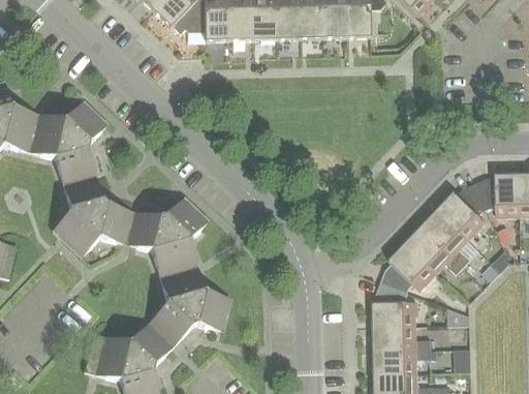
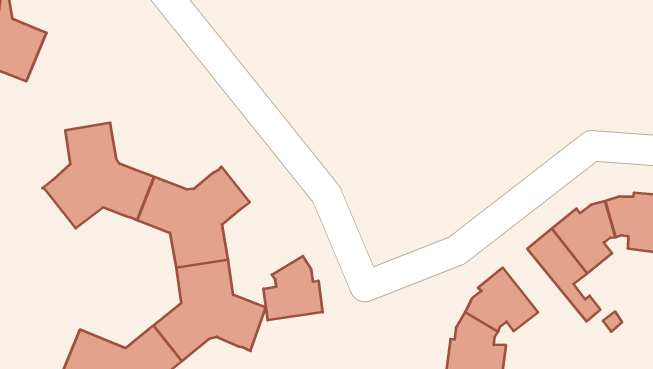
building: [29,99,108,184] -> none
building: [405,226,472,281] -> none
building: none -> [264,256,323,320]

